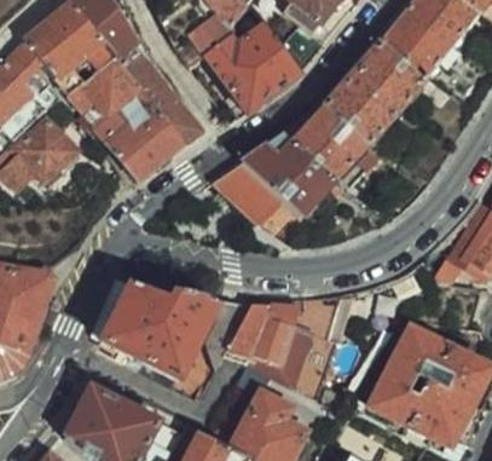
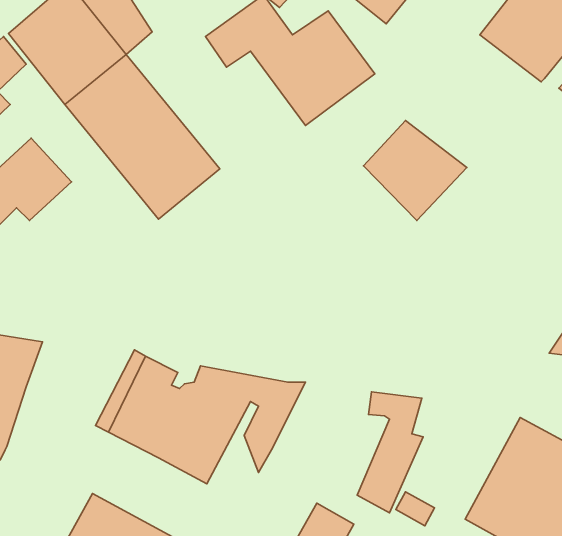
building: [116,39,201,142] -> none
building: [325,41,427,140] -> none
building: [215,133,334,223] -> none
building: [225,301,313,386] -> none

